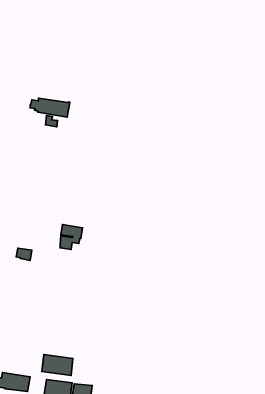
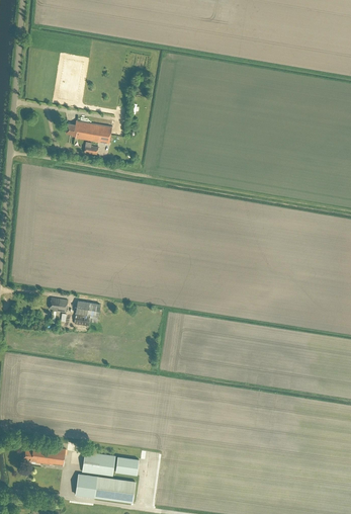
building: [60,225,82,250] -> [74,301,100,330]
building: [42,354,73,375] -> none

